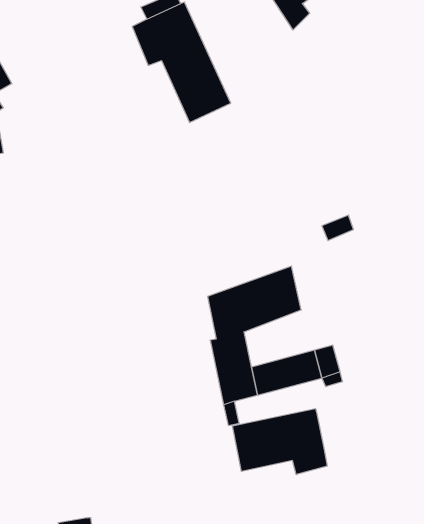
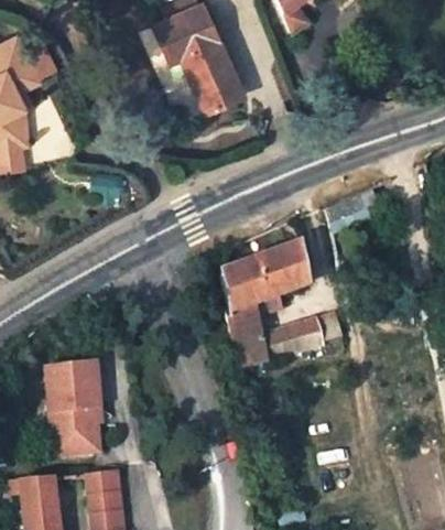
building: none -> [45,361,100,455]
building: [232,409,327,475] -> none

